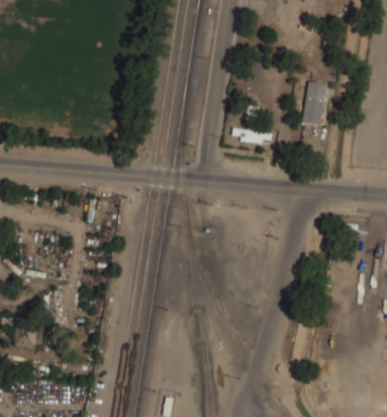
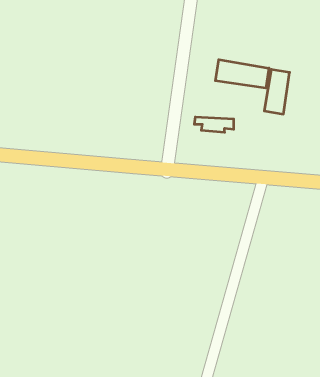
building: none -> [215,60,269,88]

